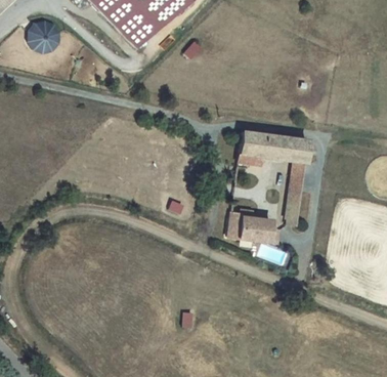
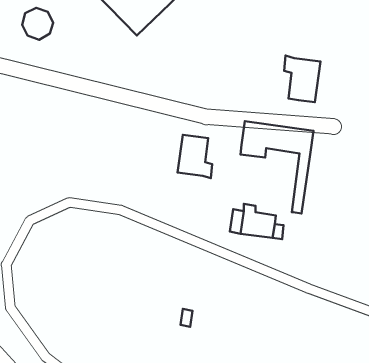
building: none -> [284,56,321,102]
building: none -> [178,135,212,178]

